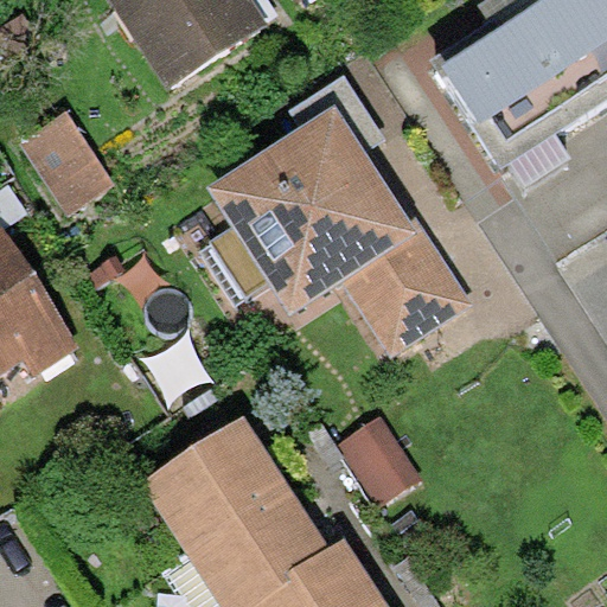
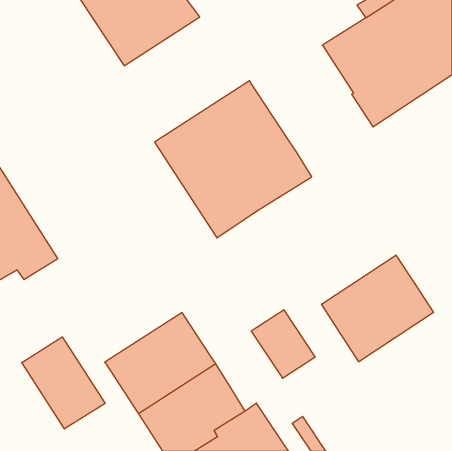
building: [18,110,113,216] -> none
building: [344,200,471,354] -> none
building: none -> [321,255,433,362]
building: none -> [22,337,105,429]

